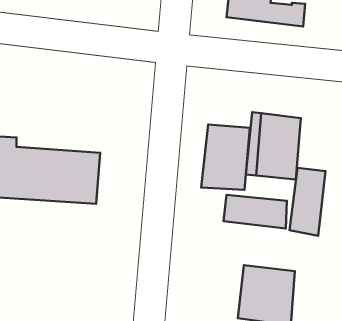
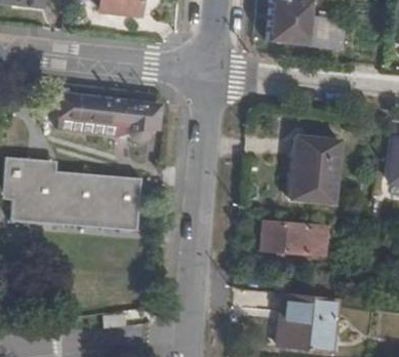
building: none -> [63,93,162,145]
building: [201,125,250,190] -> none
building: [289,168,326,236] -> none

